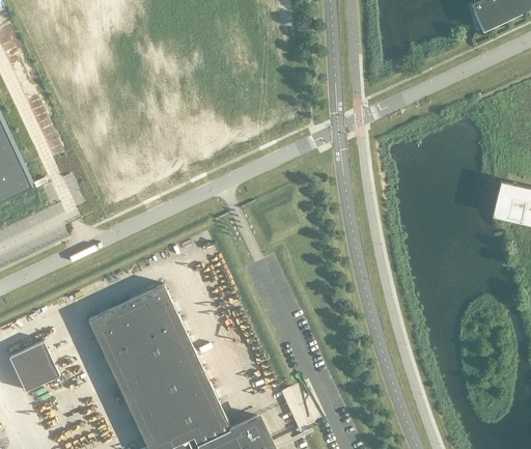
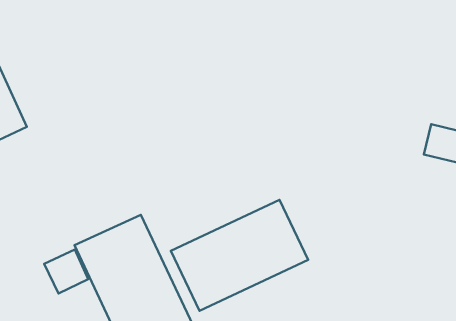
building: none -> [171,200,308,311]
building: [8,341,59,392] -> [44,250,88,293]

